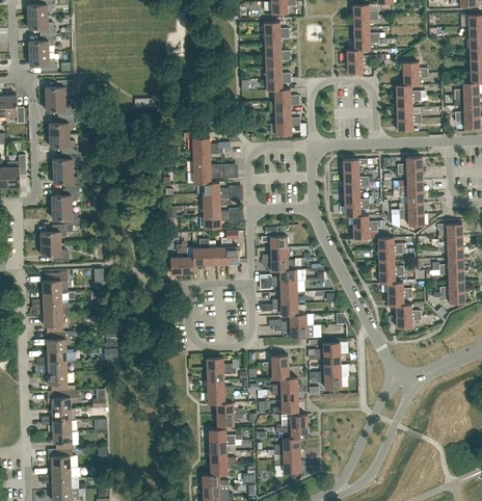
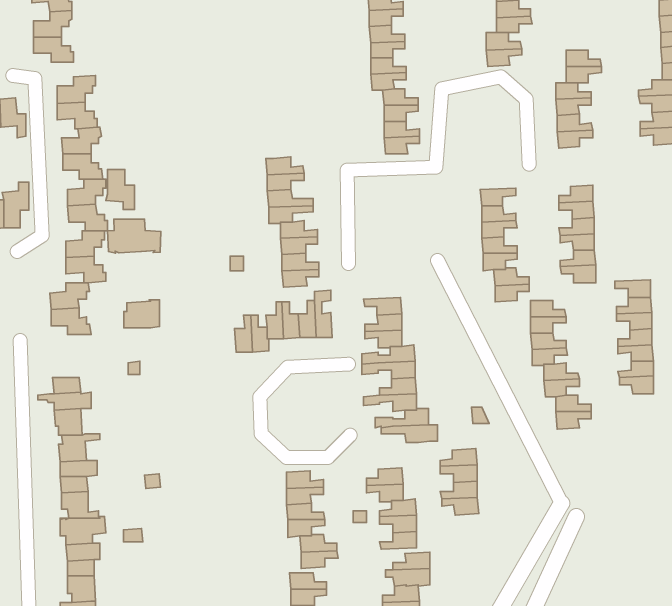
building: none -> [106,170,134,210]
building: none -> [107,219,161,253]
building: [43,272,68,292] -> [124,300,159,328]

